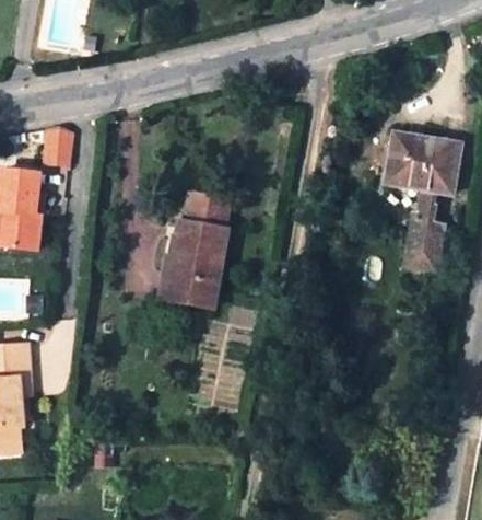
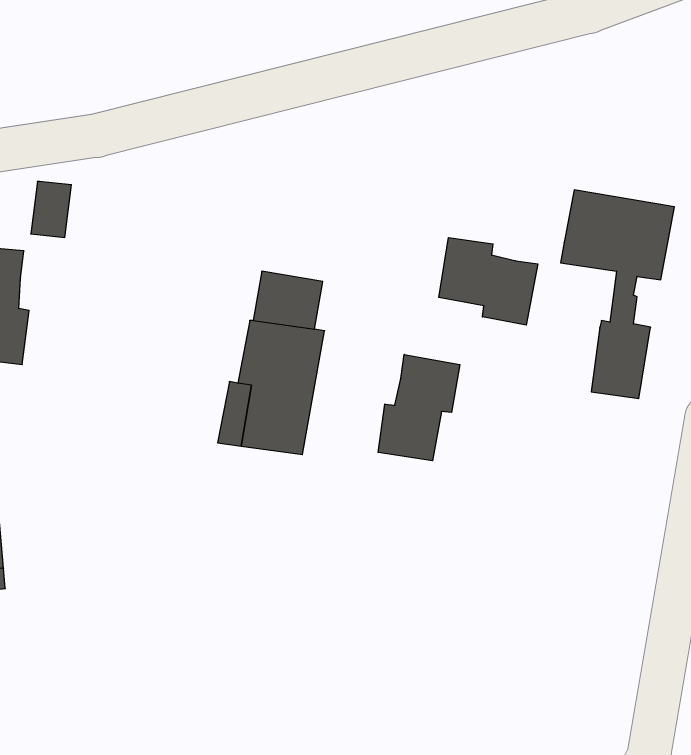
building: none -> [439,238,538,325]
building: none -> [378,354,460,461]

